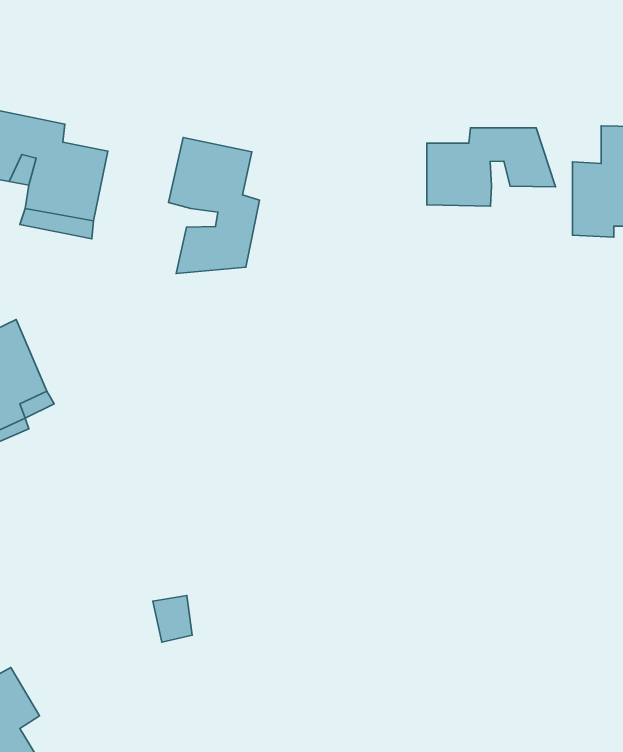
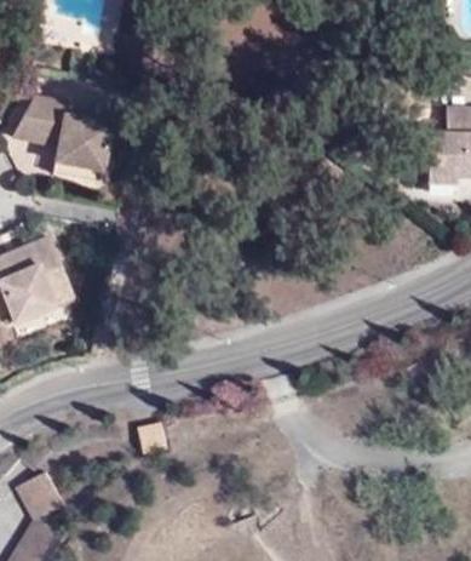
building: [427,128,555,206] -> none
building: [168,138,260,273] -> none

